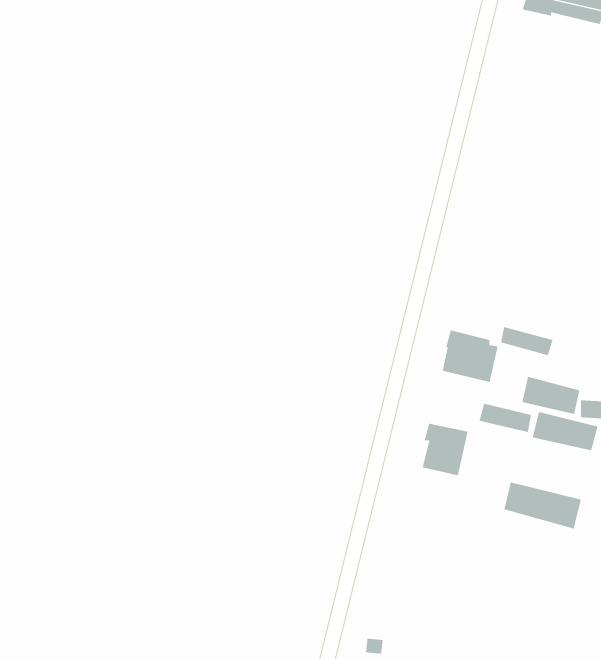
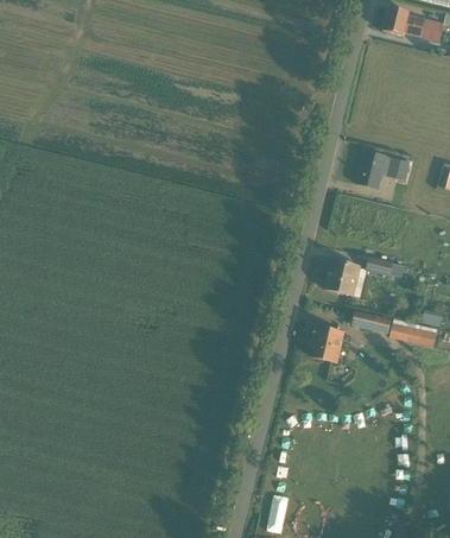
building: none -> [357,151,410,188]
building: [521,376,580,415] -> none
building: [503,481,582,530] -> none

